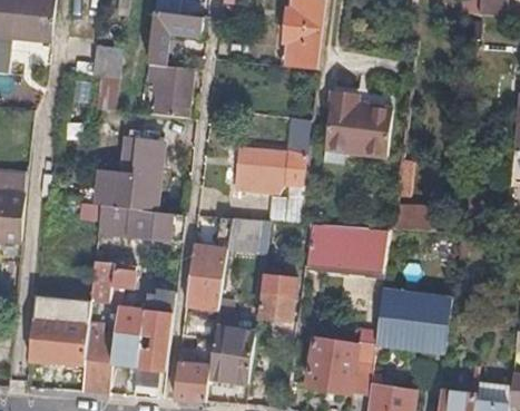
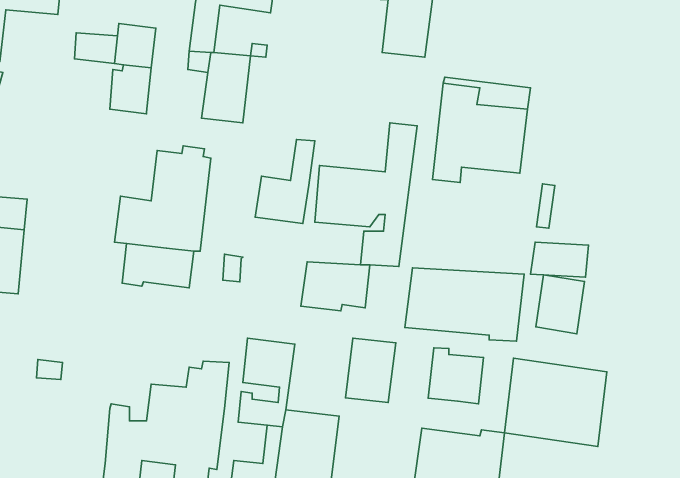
building: [188,217,232,278] -> [255,139,315,223]
building: none -> [536,275,584,334]
building: [89,253,135,317] -> none
building: none -> [428,348,484,404]
building: [30,320,88,365] -> none

